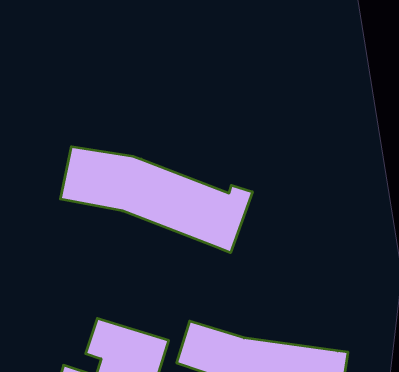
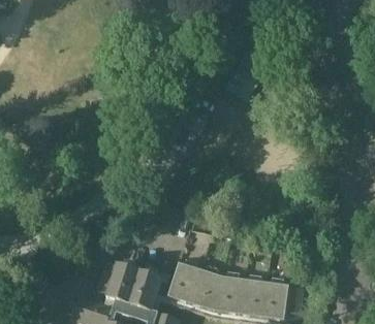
building: [60,147,252,253] -> none

